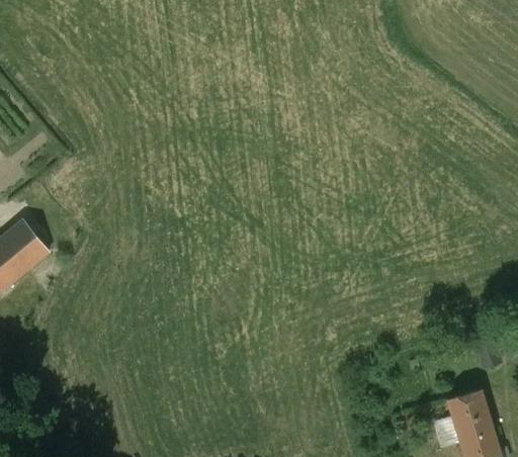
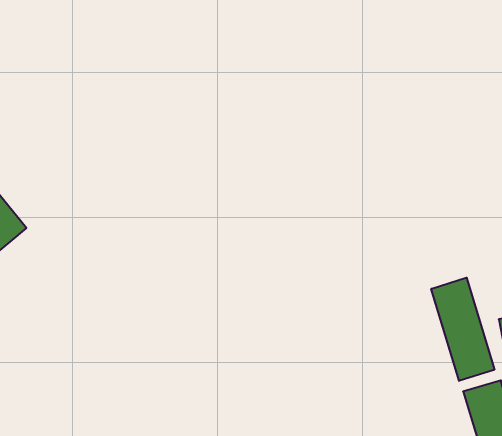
building: none -> [431,278,494,381]

